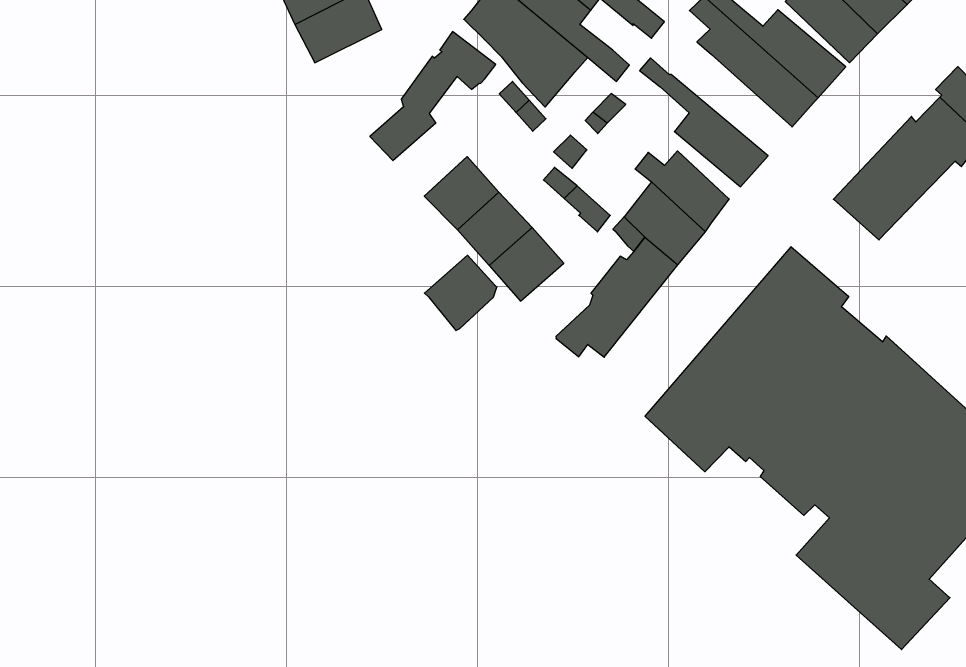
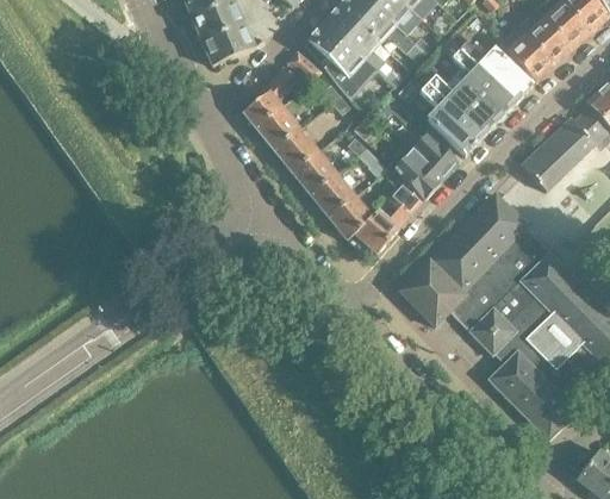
building: none -> [428,73,499,136]
building: none -> [256,105,301,149]
building: [424,255,497,331] -> [329,194,373,239]

